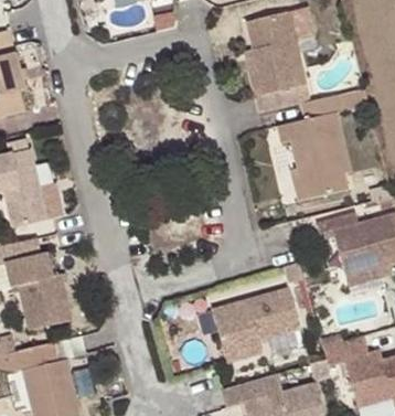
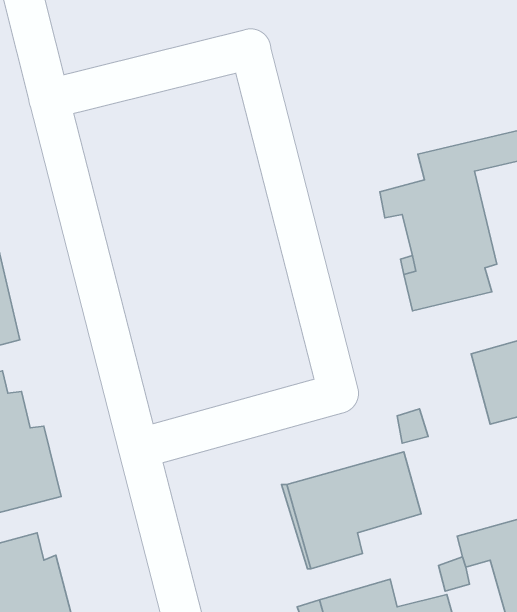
building: [246,9,305,111] -> none

